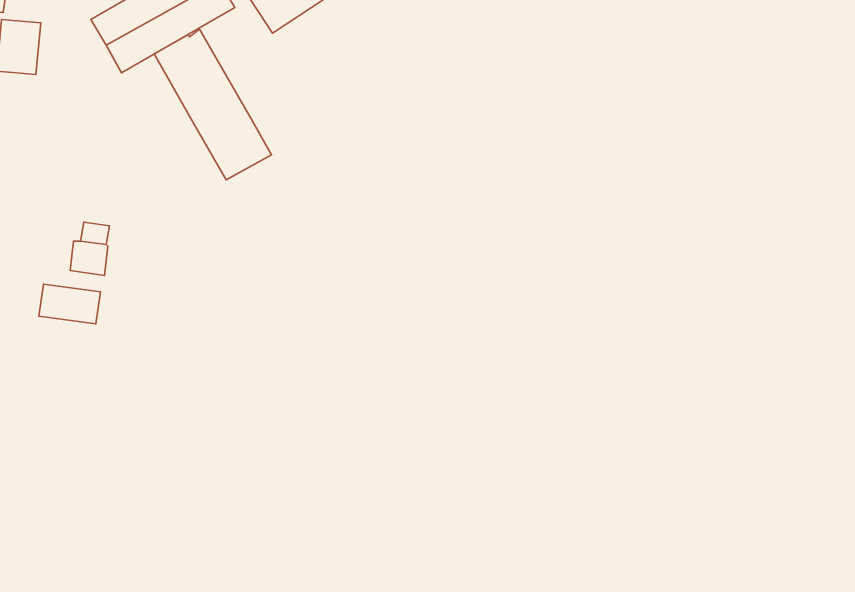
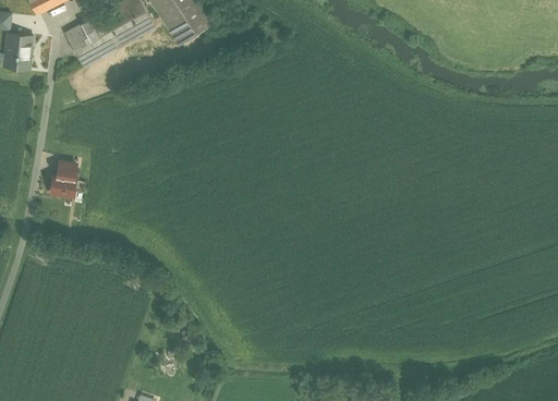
building: [154,29,272,180] -> none
building: [39,284,101,324] -> none

